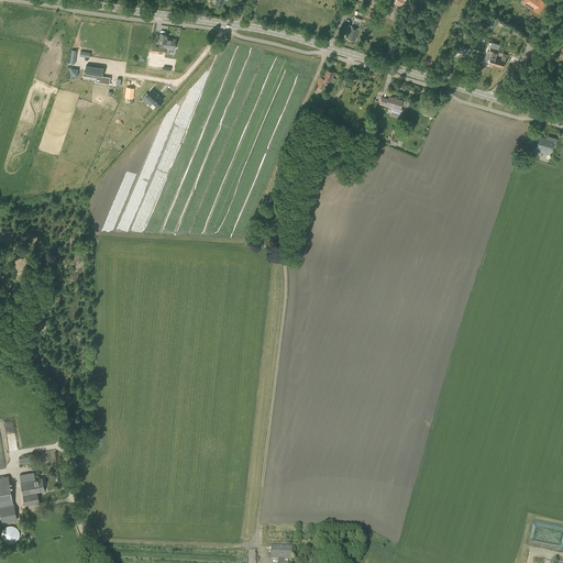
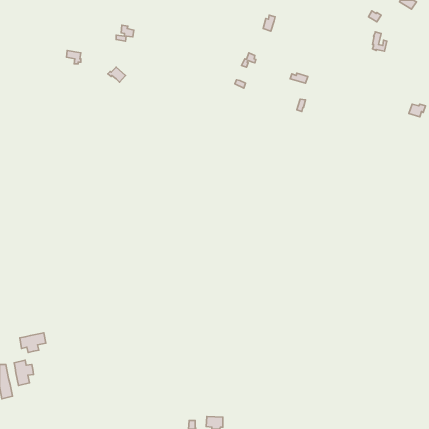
building: none -> [20,333,46,353]

